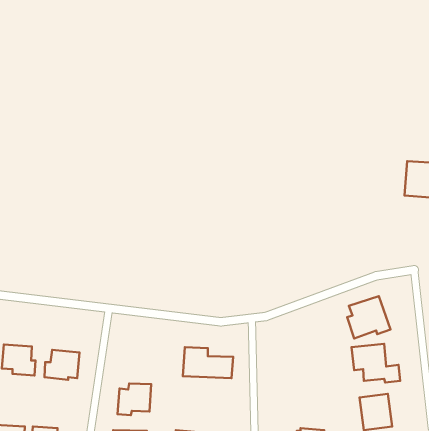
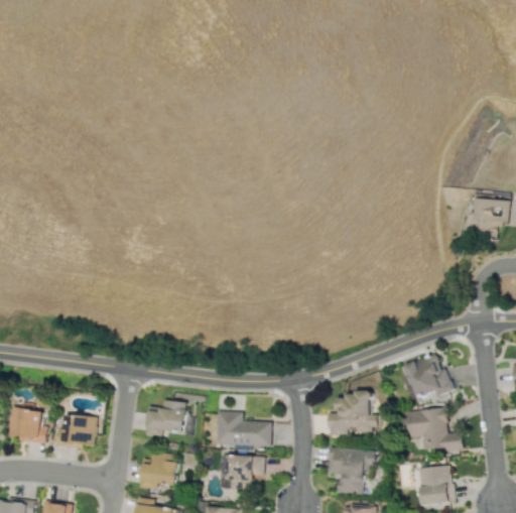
building: none -> [329,390,377,435]
building: none -> [145,400,188,437]
building: none -> [328,446,376,494]
building: none -> [226,455,264,490]

